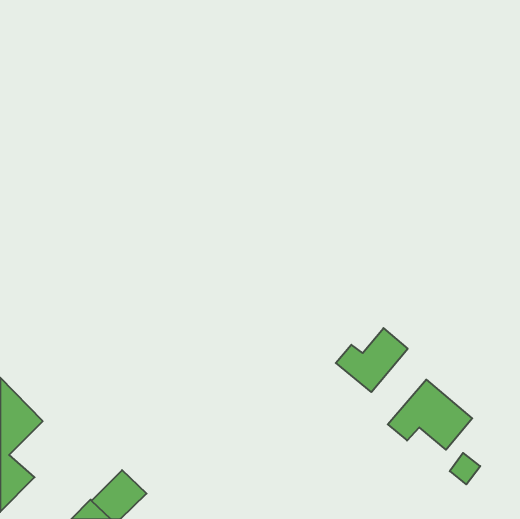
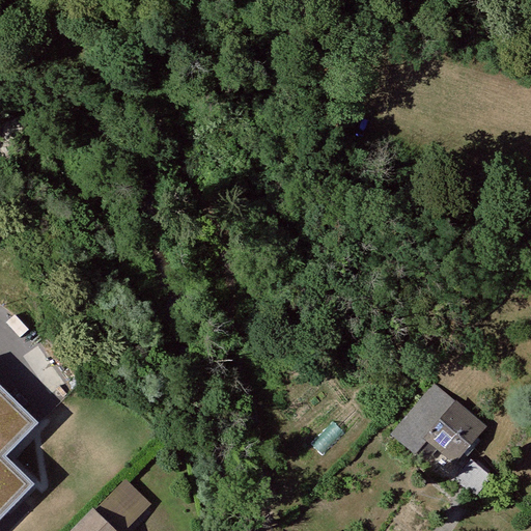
building: [336,328,408,392] -> none

